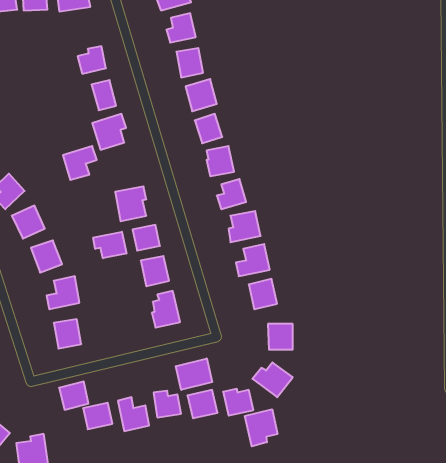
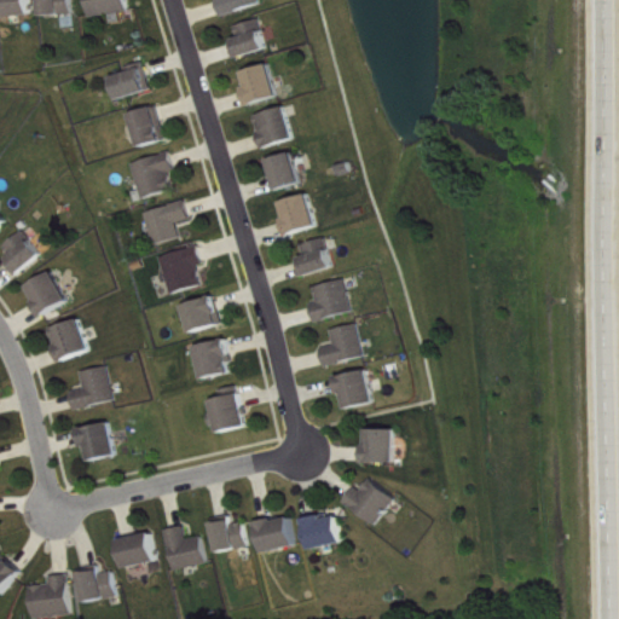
building: [63,146,97,180] -> [140,199,185,244]
building: [93,232,126,258] -> none
building: [176,358,212,390] -> none
building: [59,381,88,410] -> [74,566,112,603]
building: [245,409,277,446] -> none

